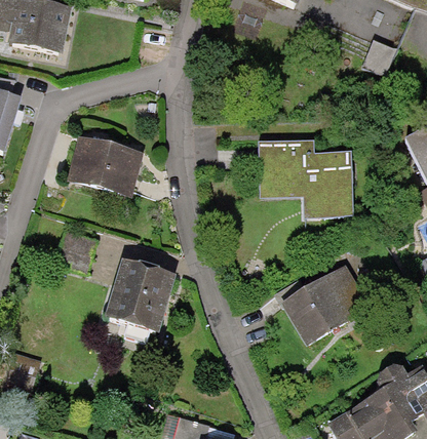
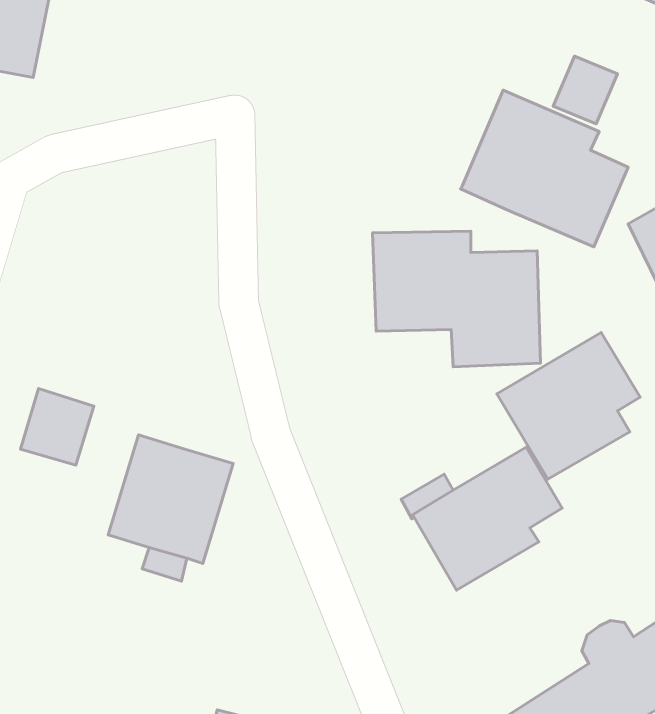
building: none -> [460,90,628,247]
building: [66,133,144,197] -> none
building: none -> [497,333,640,479]

